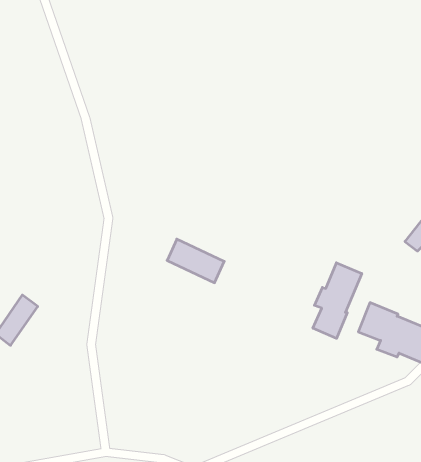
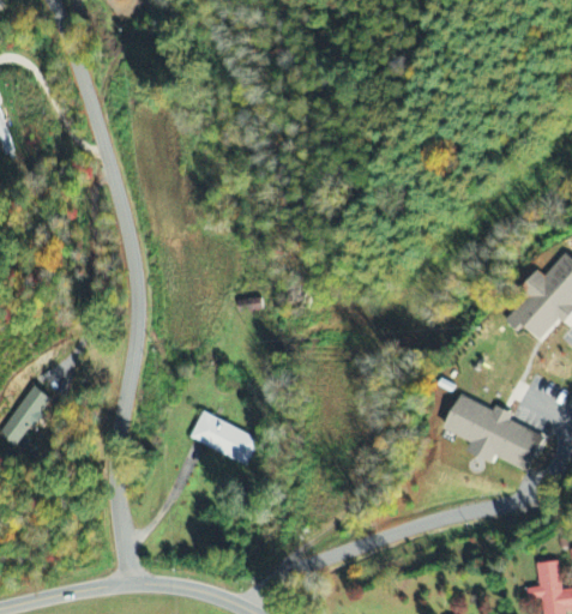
building: [167,239,224,283] -> [189,411,260,465]
building: [313,263,362,338] -> none

